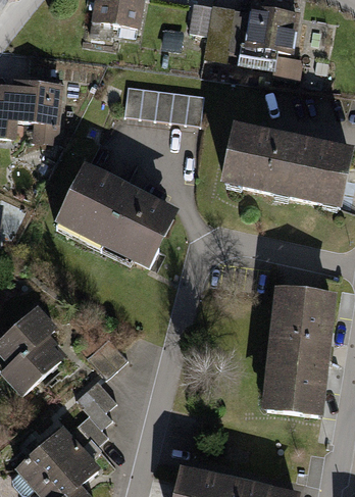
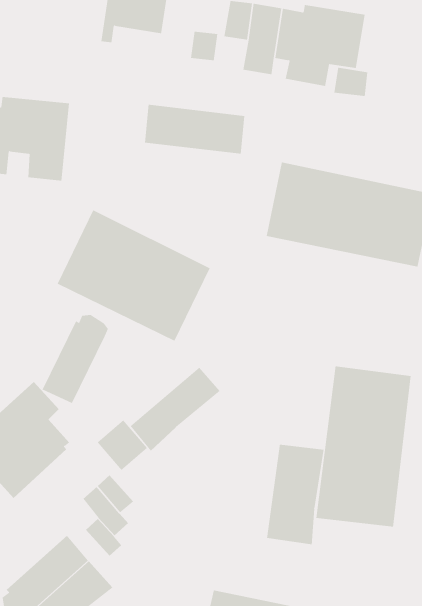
building: none -> [42,314,108,404]
building: none -> [130,367,221,451]
building: none -> [266,444,324,545]

